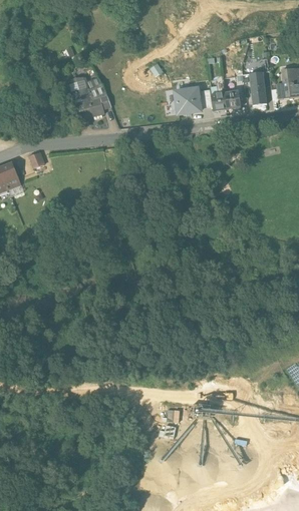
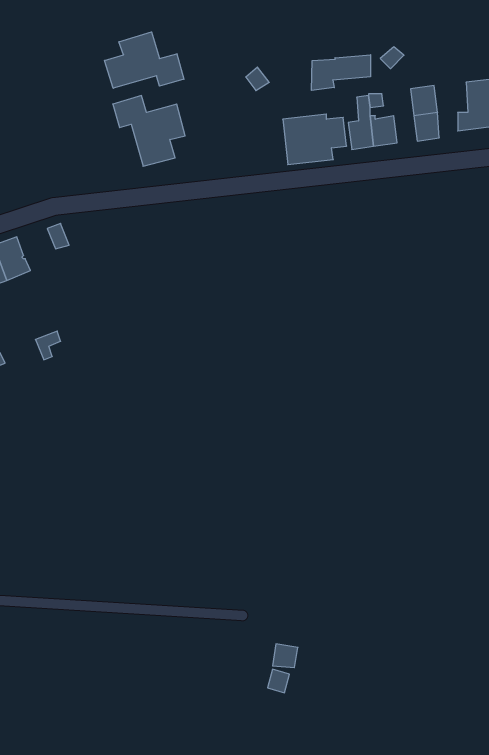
building: none -> [105,32,184,88]
building: none -> [311,55,371,90]

